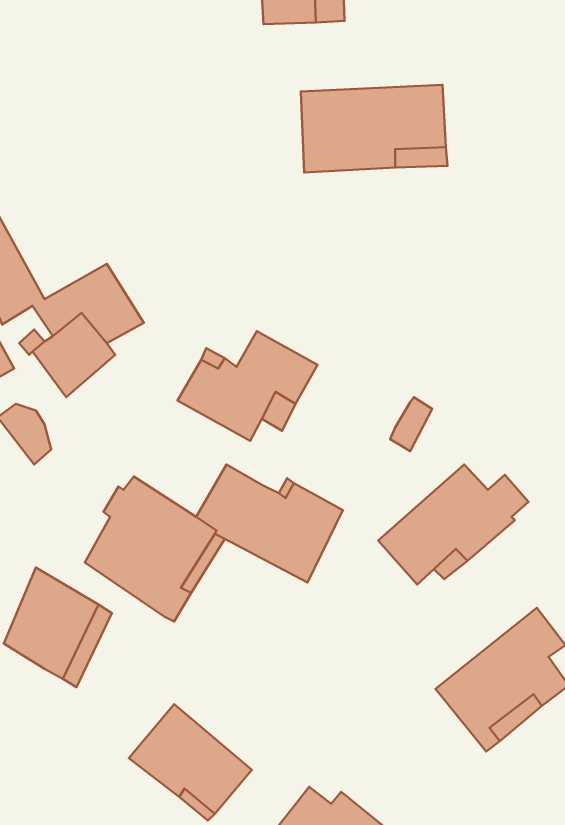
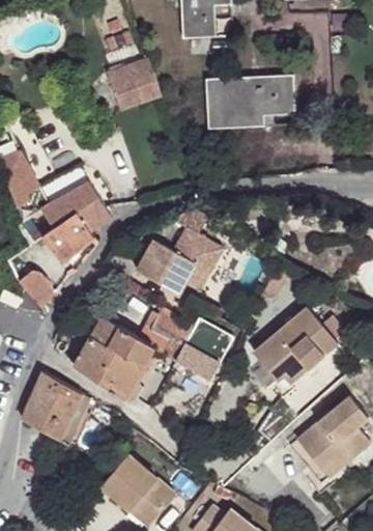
building: none -> [103,58,157,110]

